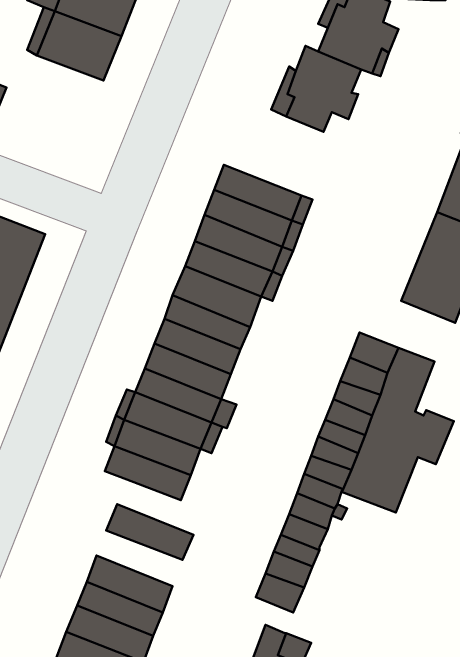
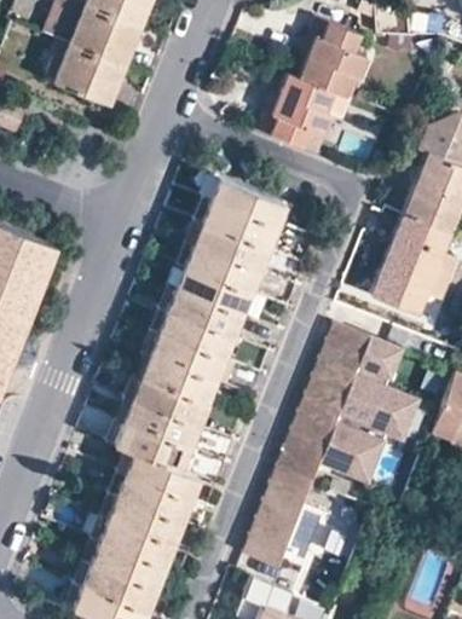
building: none -> [123,452,198,501]
building: none -> [105,497,180,545]

